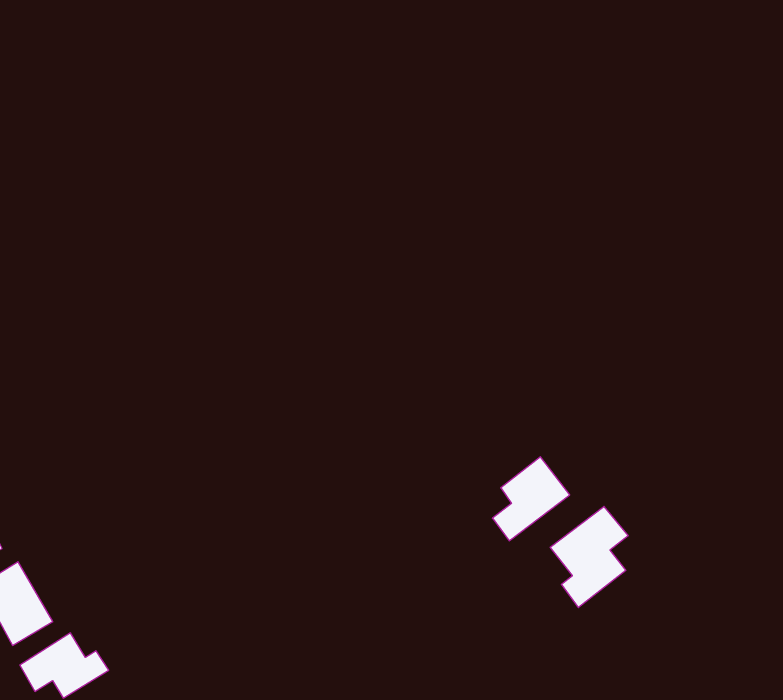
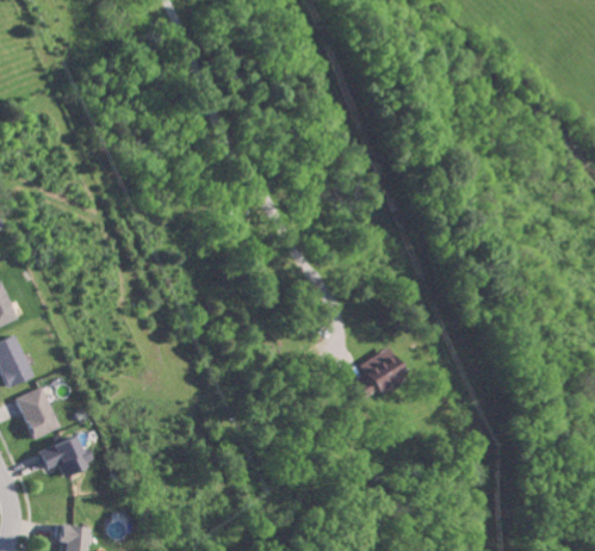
building: [550,506,628,608] -> none

